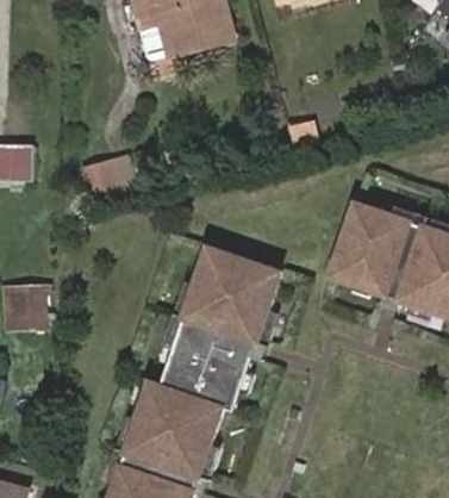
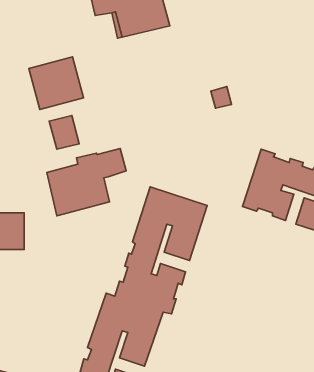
building: none -> [29,57,83,109]
building: none -> [47,148,126,216]

